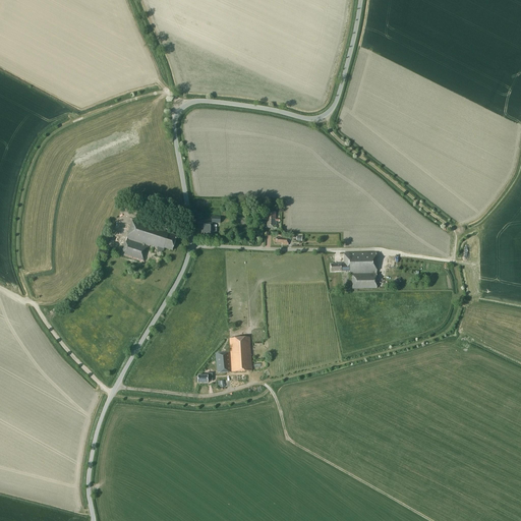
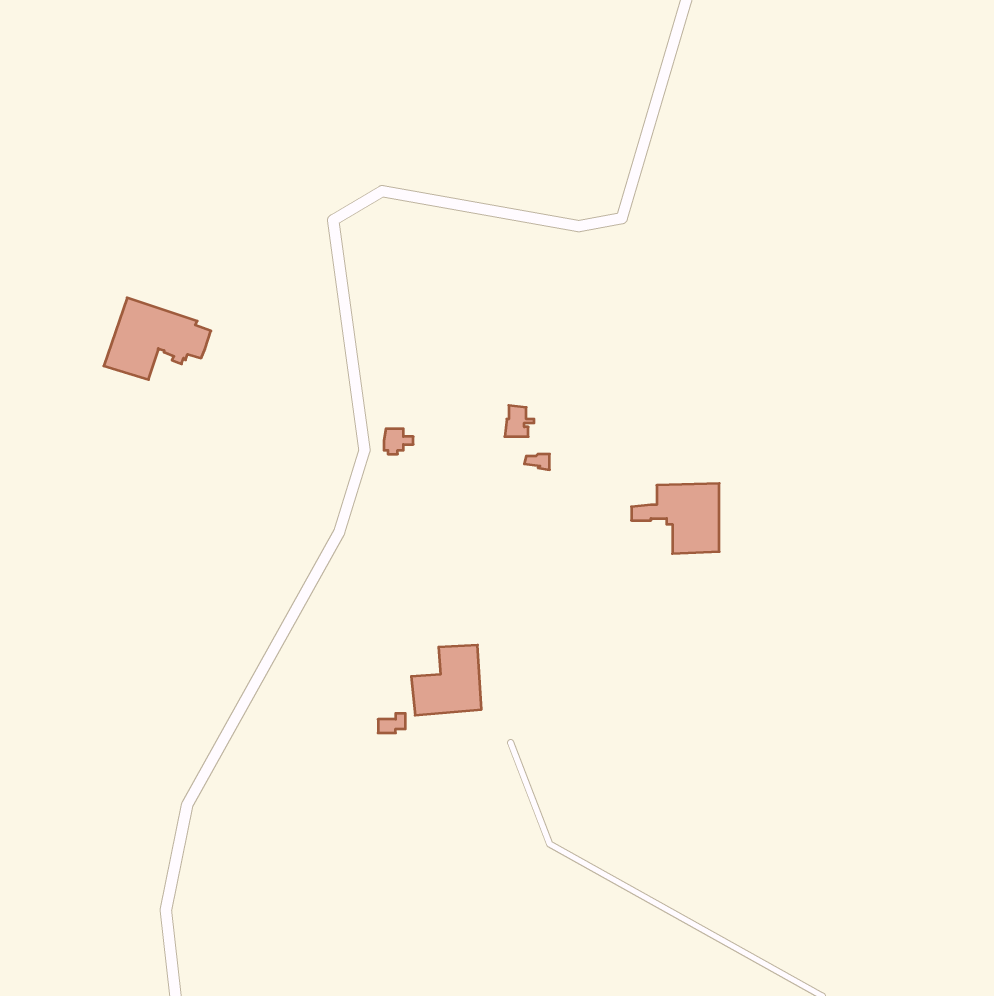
building: [120,219,176,262] -> [104,298,211,380]

